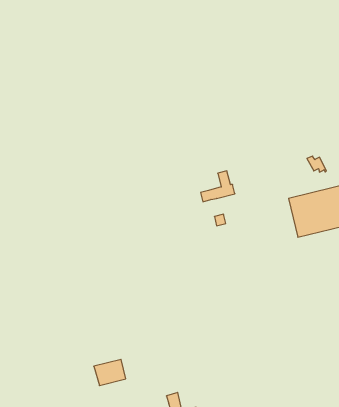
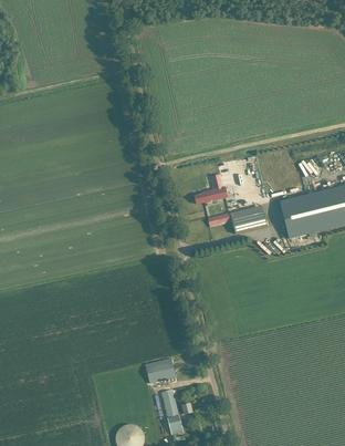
building: none -> [231,209,268,234]
building: [94,359,126,386] -> [144,357,175,383]

